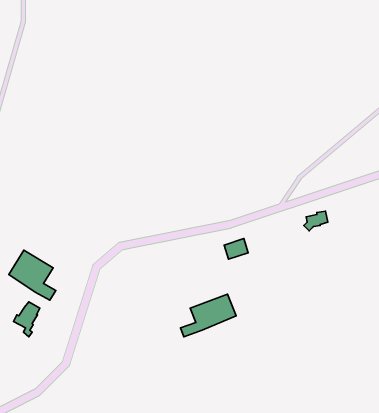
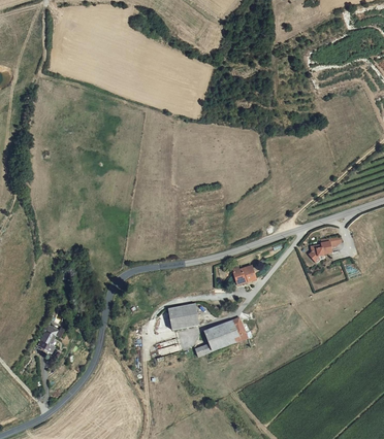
building: [9,250,56,300] -> none
building: none -> [167,302,199,330]

